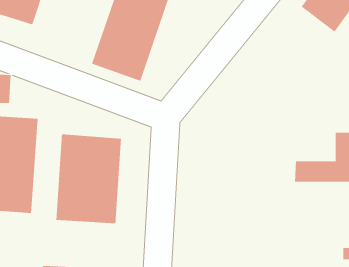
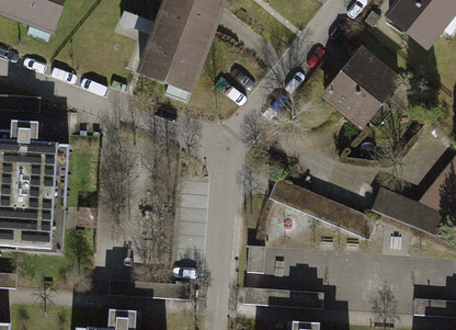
building: none -> [309,37,396,126]
building: [56,134,121,224] -> none
building: none -> [270,182,380,234]

